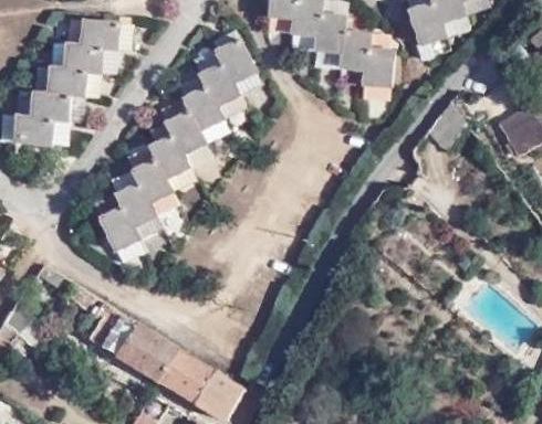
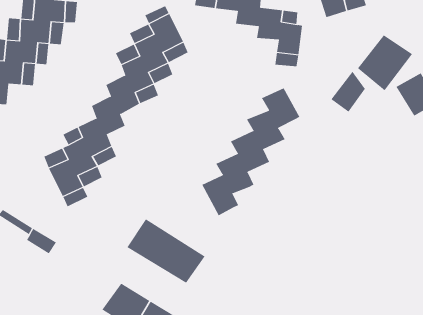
building: none -> [357,34,413,91]
building: none -> [202,88,300,216]
building: [90,305,181,380] -> [126,218,206,283]

